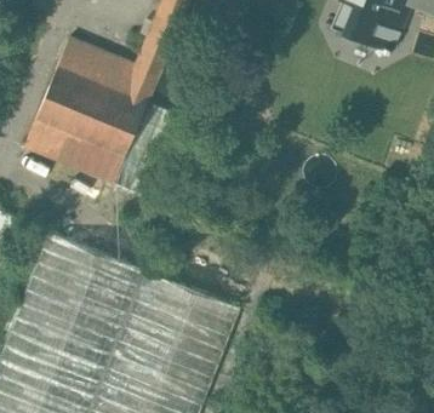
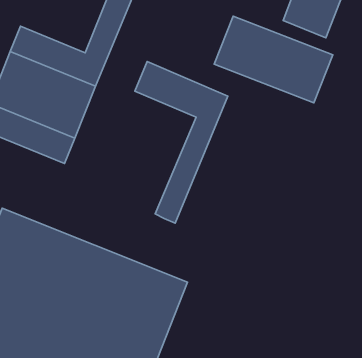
building: none -> [214,16,333,103]
building: none -> [135,62,228,223]

